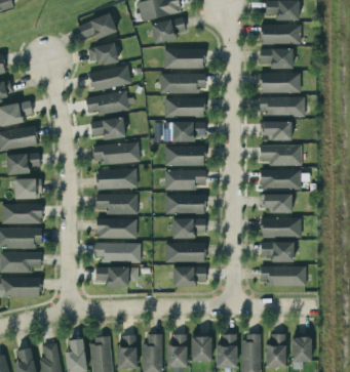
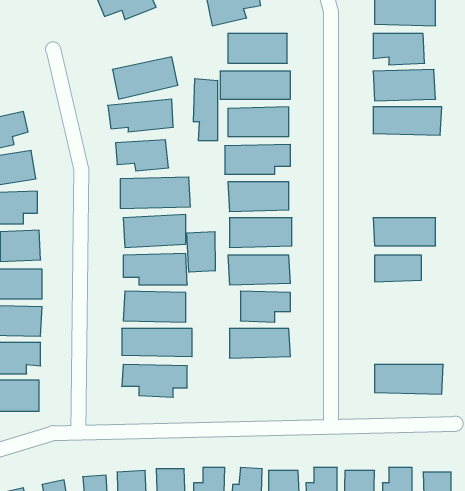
building: [88,43,118,66] -> none
building: none -> [194,79,218,141]
building: [260,121,291,139] -> none
building: [260,144,301,166] -> none
building: none -> [187,232,215,272]
building: [261,218,301,238] -> none
building: [261,242,294,262] -> none
building: [173,266,206,287] -> none

